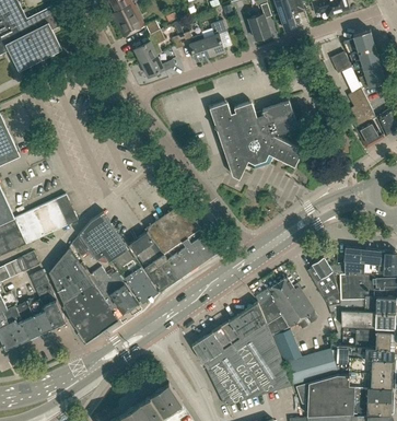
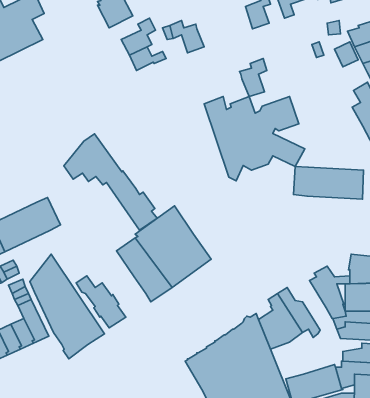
building: [201,22,226,57] -> [240,59,267,97]
building: none -> [294,167,364,199]
building: [72,215,159,304] -> [64,134,157,230]
building: [273,330,302,364] -> none

